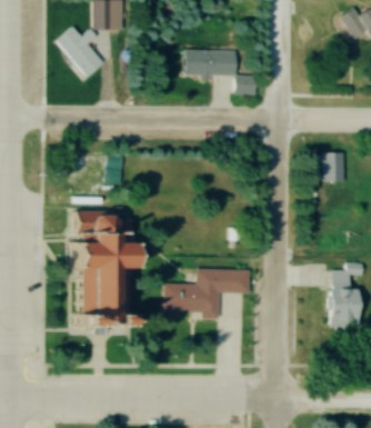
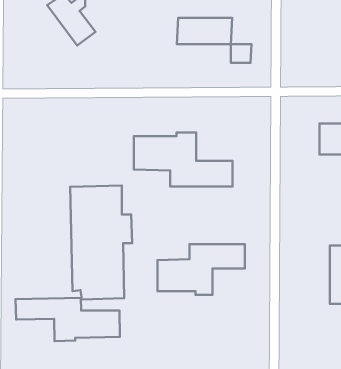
building: none -> [134,133,232,187]
building: none -> [16,298,120,341]

